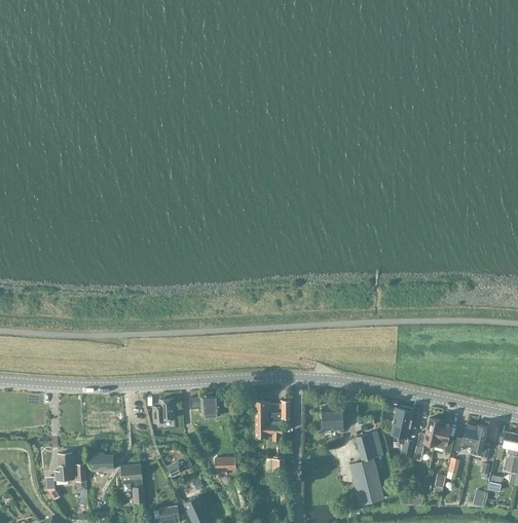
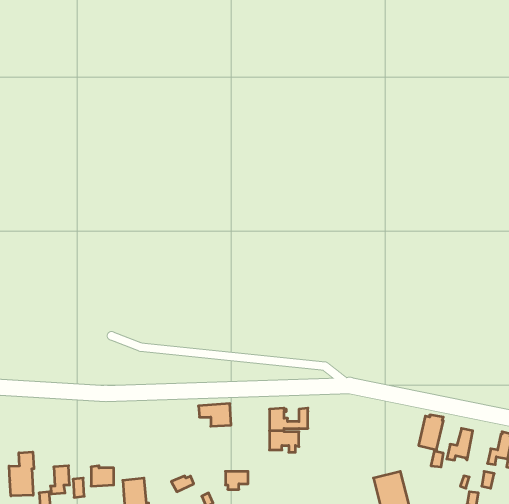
building: [152,400,174,422] -> none
building: [321,407,342,431] -> none
building: [434,421,452,454] -> none
building: [355,432,382,461] -> none
building: none -> [9,452,34,496]

